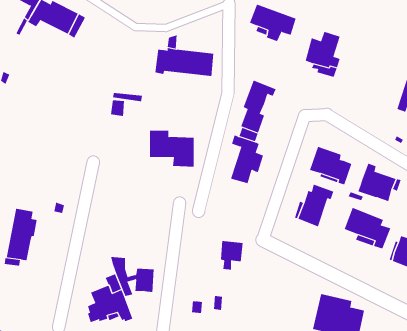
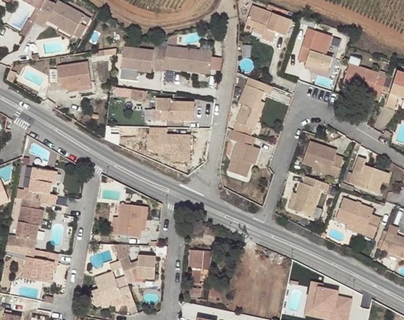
building: none -> [121,47,154,73]
building: none -> [58,63,92,90]
building: none -> [342,63,385,99]
building: none -> [155,98,195,121]
building: none -> [23,167,57,204]
building: none -> [118,205,143,238]
building: [220,241,243,270] -> [190,249,212,277]
building: none -> [31,250,59,283]

